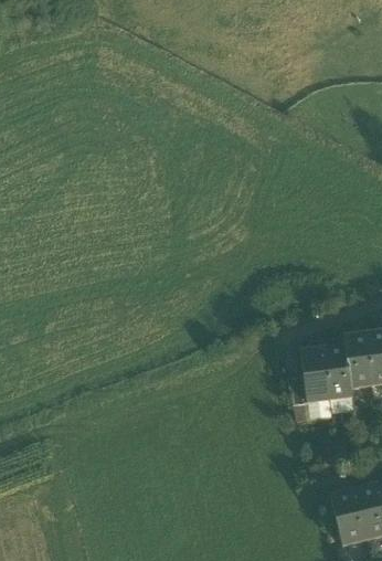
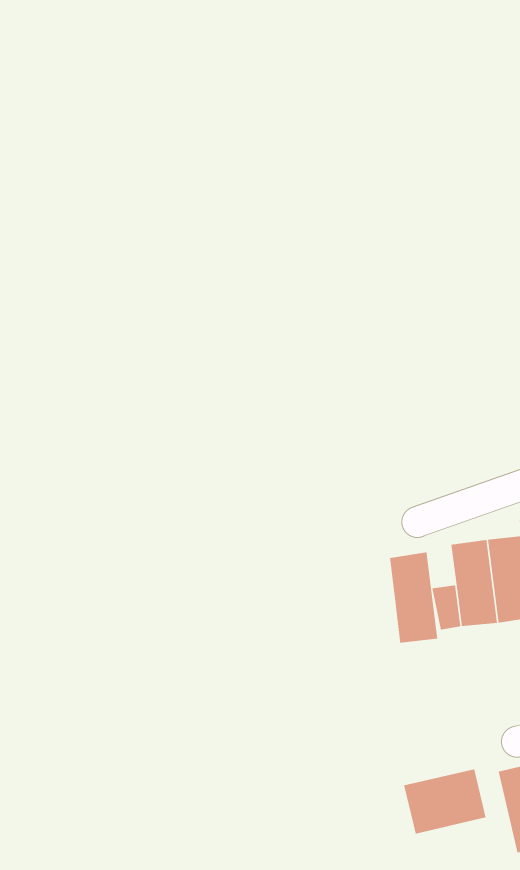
building: none -> [389,552,438,643]
building: none -> [404,768,486,834]

